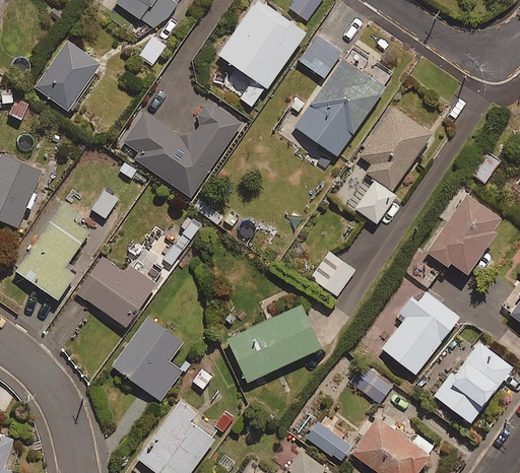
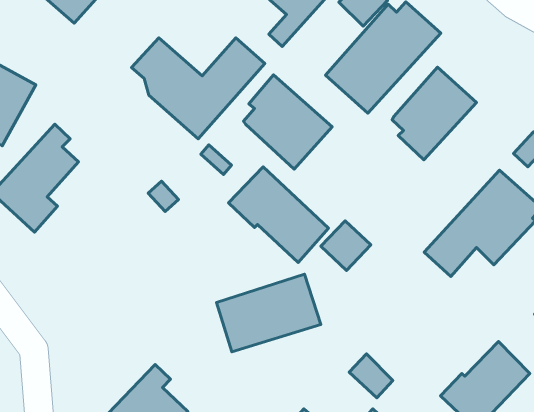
building: none -> [244,75,332,169]
building: [354,181,396,224] -> none
building: none -> [228,167,328,262]
building: [77,258,154,327] -> none
building: [383,291,459,375] -> none
building: [112,317,183,402] -> none

